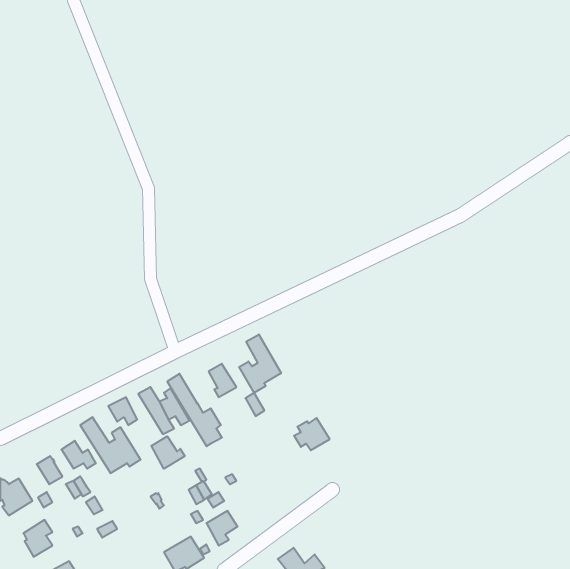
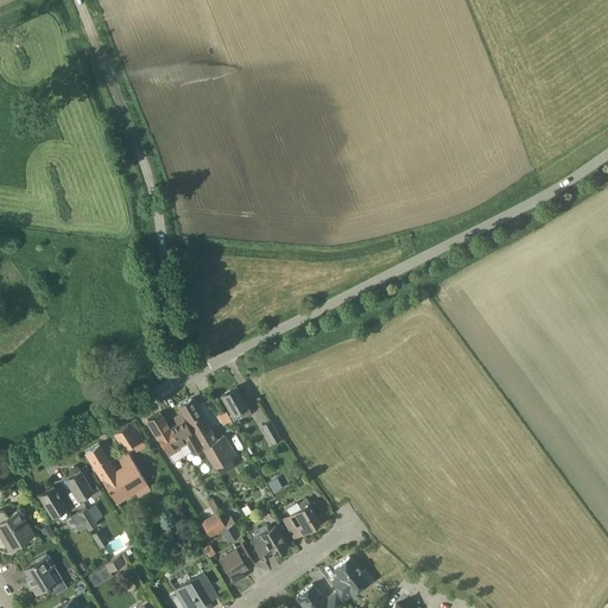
building: [239,334,281,393] -> none
building: [294,418,330,450] -> [283,500,321,534]
building: [151,436,185,469] -> none
building: none -> [251,526,287,559]
building: none -> [331,557,374,598]

